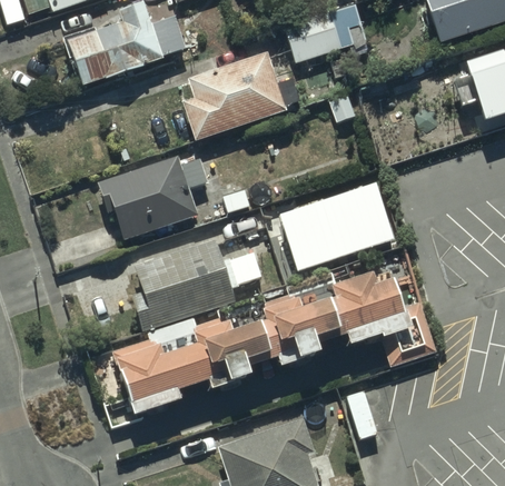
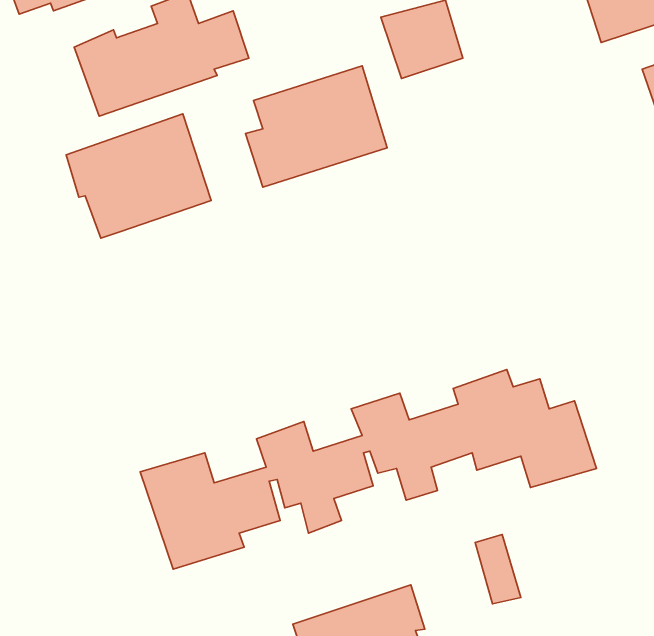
building: [98,158,200,246] -> [66,114,211,238]
building: [285,177,400,267] -> none
building: [135,235,239,326] -> none

